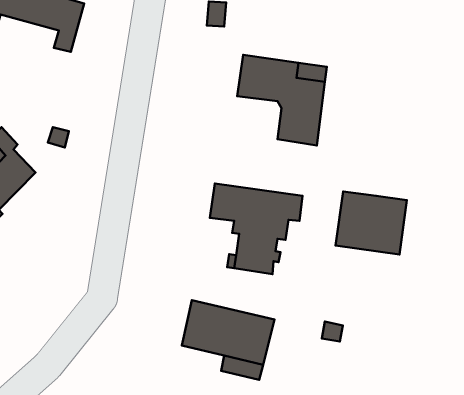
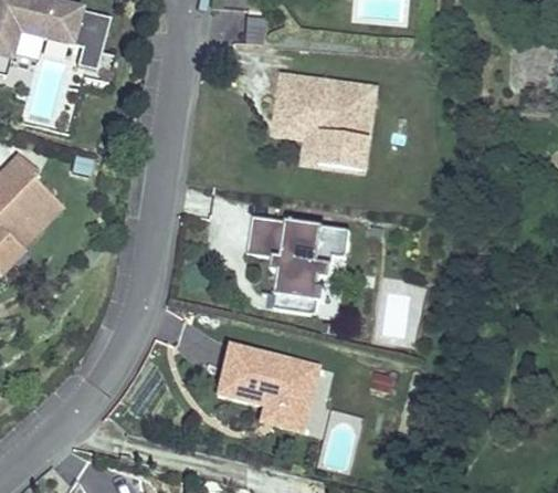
building: none -> [275,117,326,165]
building: [335,192,407,254] -> none

